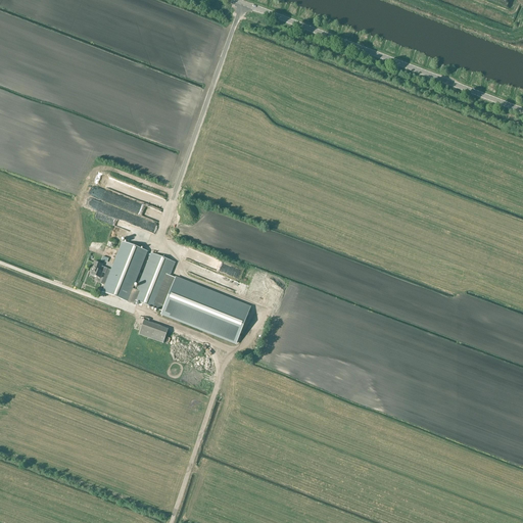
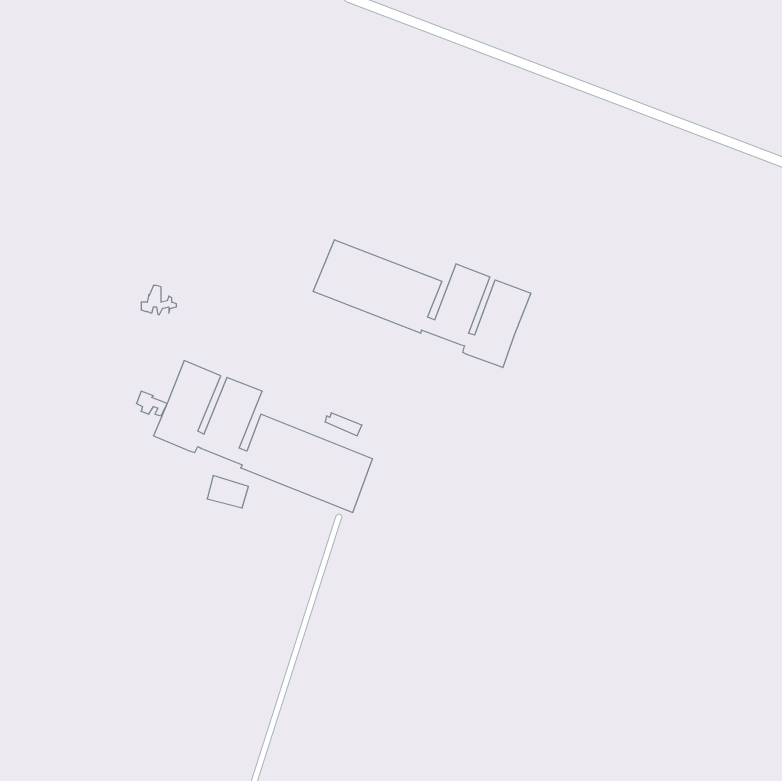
building: none -> [313,240,531,368]

